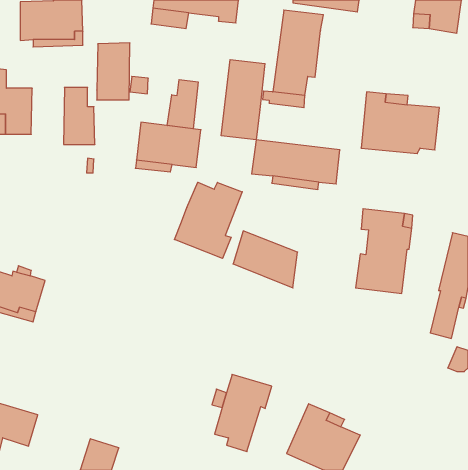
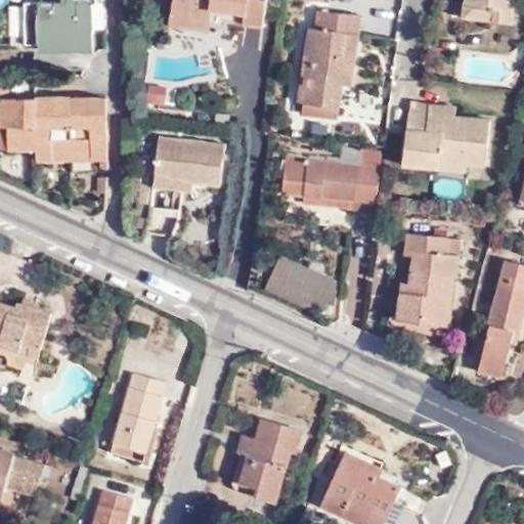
building: [97,43,130,100] -> [35,97,72,161]
building: [221,60,265,140] -> none
building: [167,80,198,129] -> none
building: [174,182,242,258] -> none
building: none -> [111,373,164,452]

